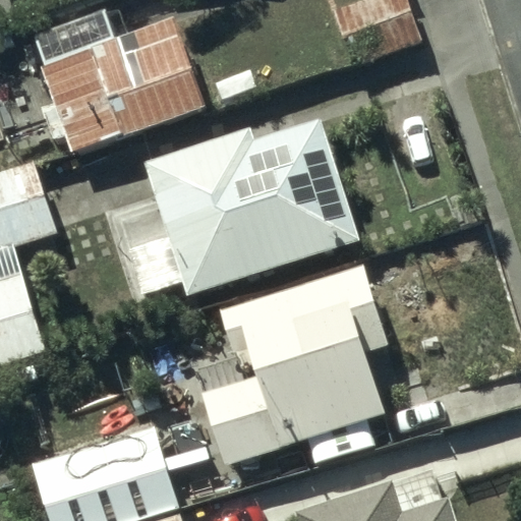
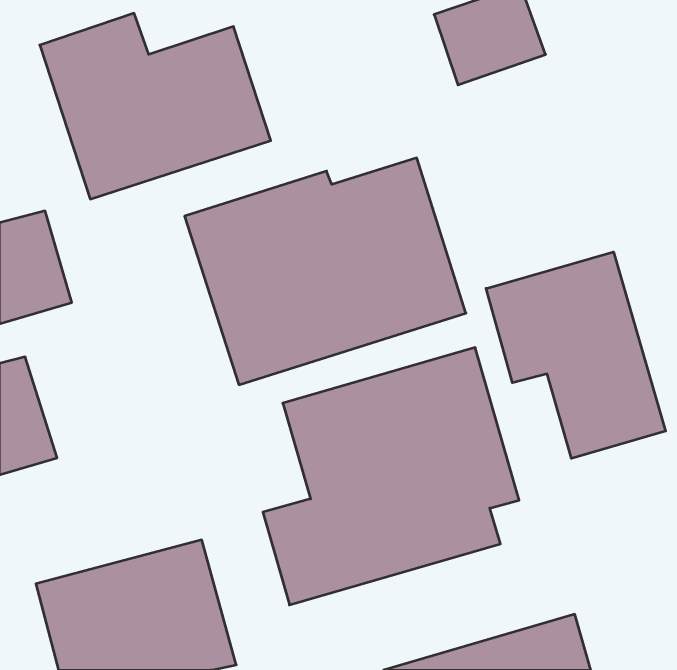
building: none -> [486,252,666,458]

